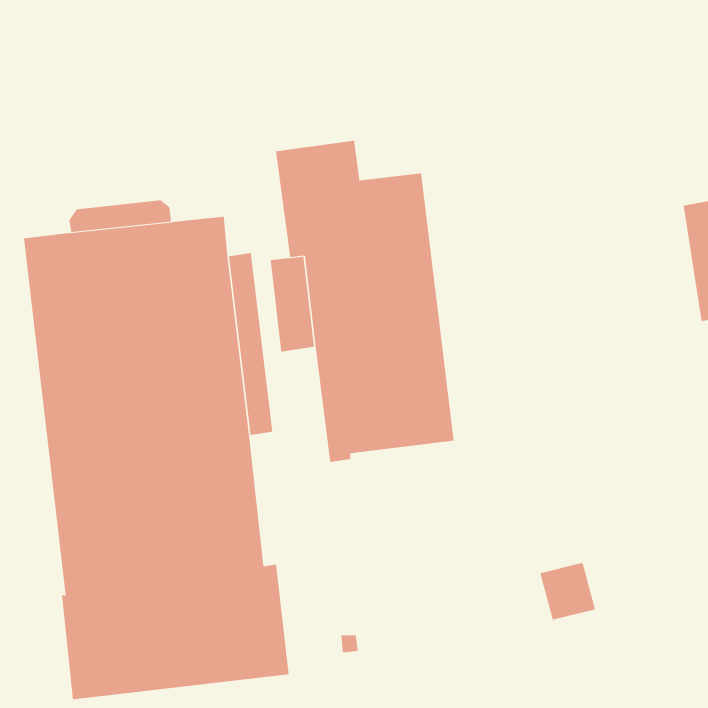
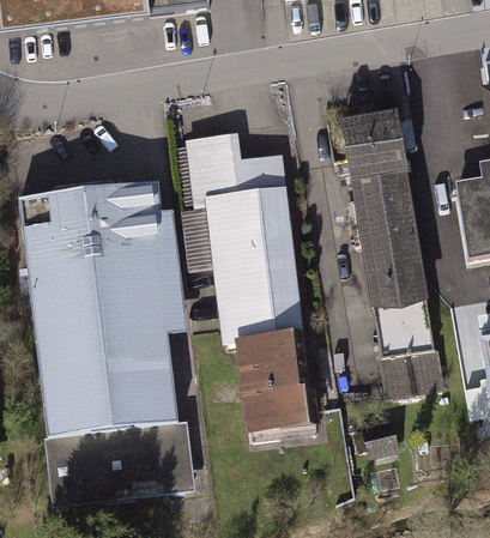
building: none -> [339,108,443,395]
building: none -> [236,336,321,439]

